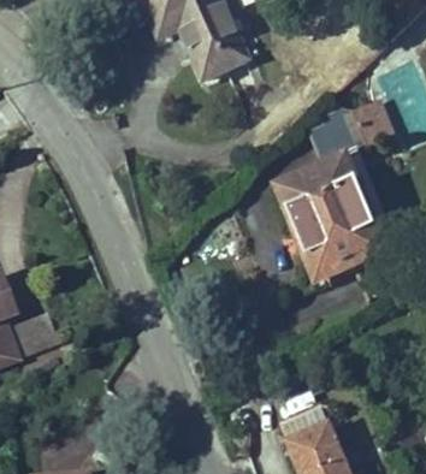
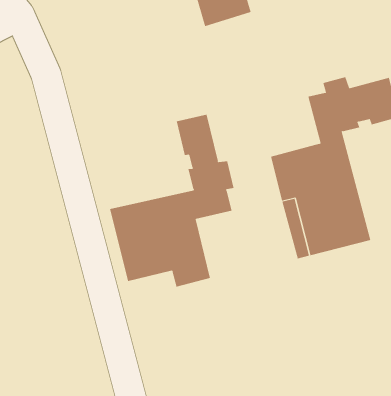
building: none -> [109,114,234,288]

